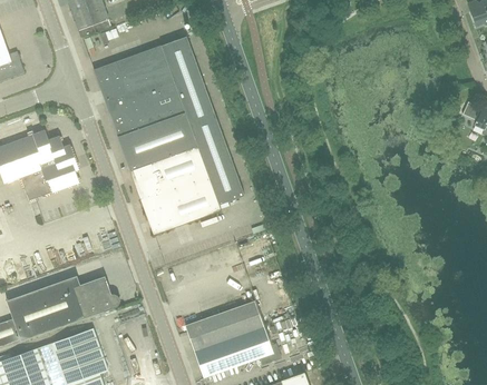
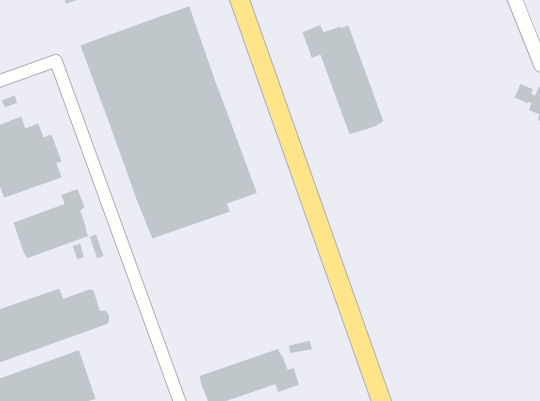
building: none -> [302,24,384,135]
building: none -> [13,188,89,259]
building: [186,300,263,349] -> none

